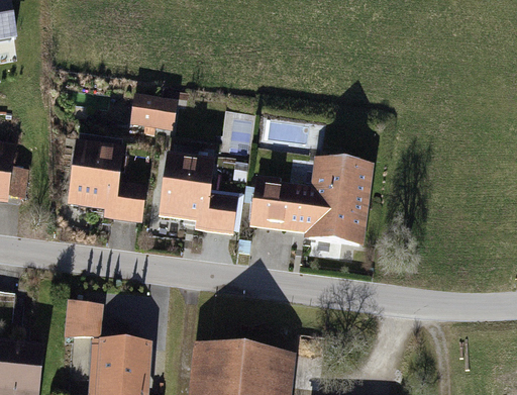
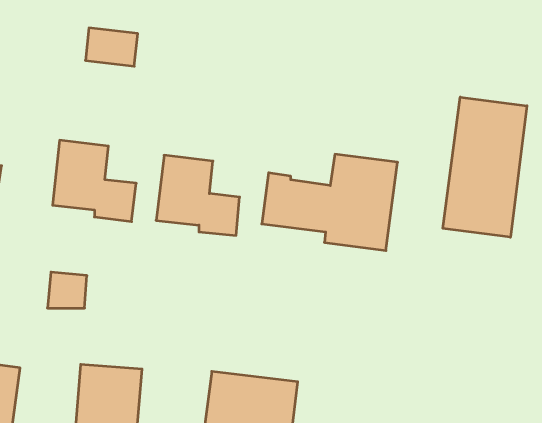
building: [131,95,177,128] -> [85,28,138,66]
building: none -> [443,97,527,237]
building: [67,303,101,334] -> [47,272,87,308]

